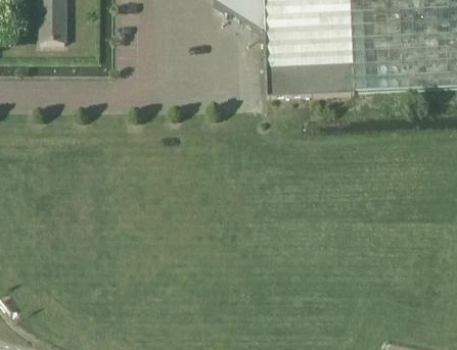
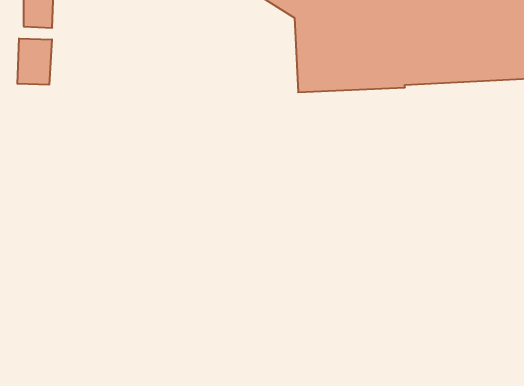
building: none -> [18,38,52,85]

